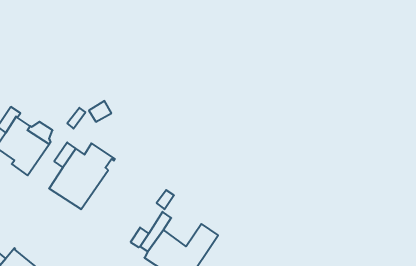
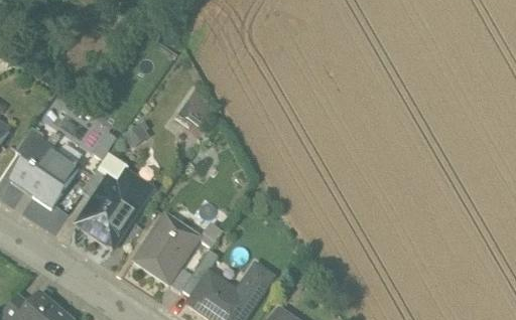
building: none -> [133,214,194,282]

